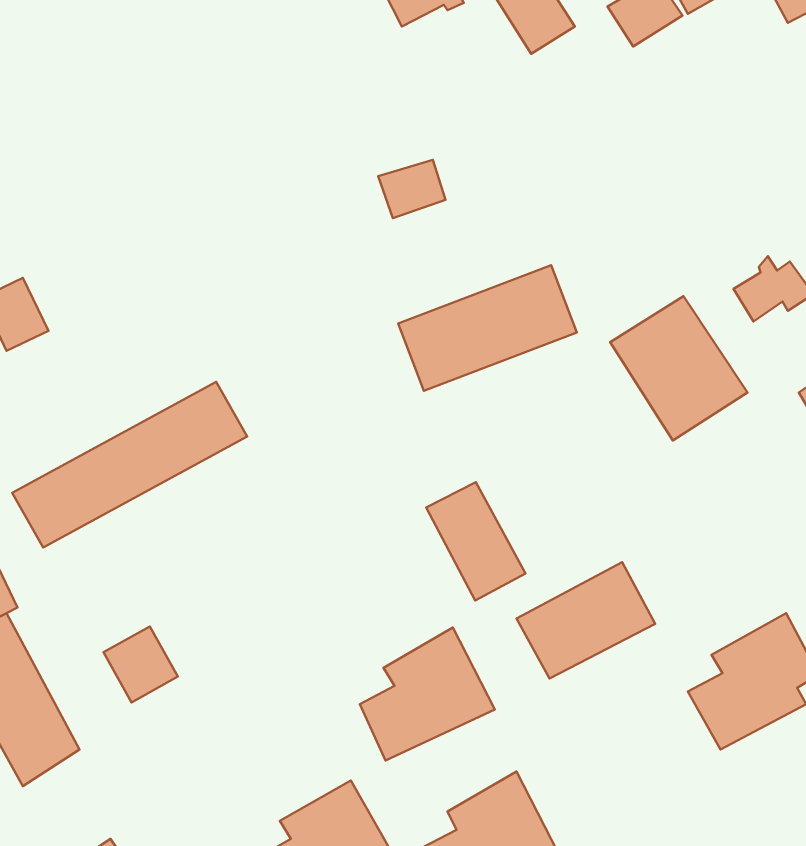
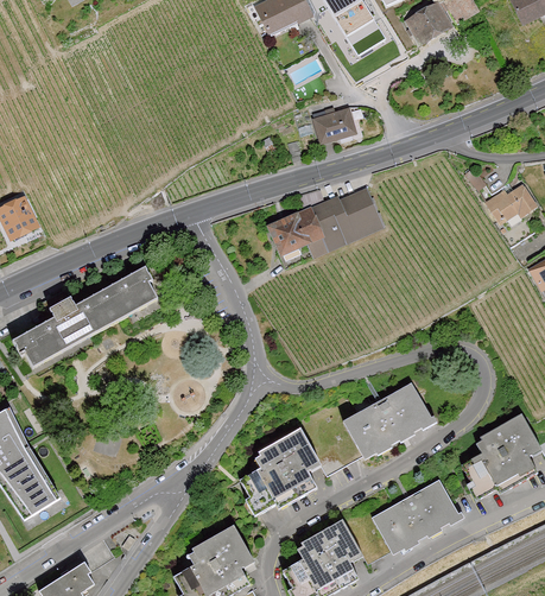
building: [378,160,446,218] -> [311,108,355,146]
building: [610,296,747,441] -> none
building: [426,482,525,600] -> none
building: [103,626,178,703] -> none
building: none -> [373,478,461,553]

